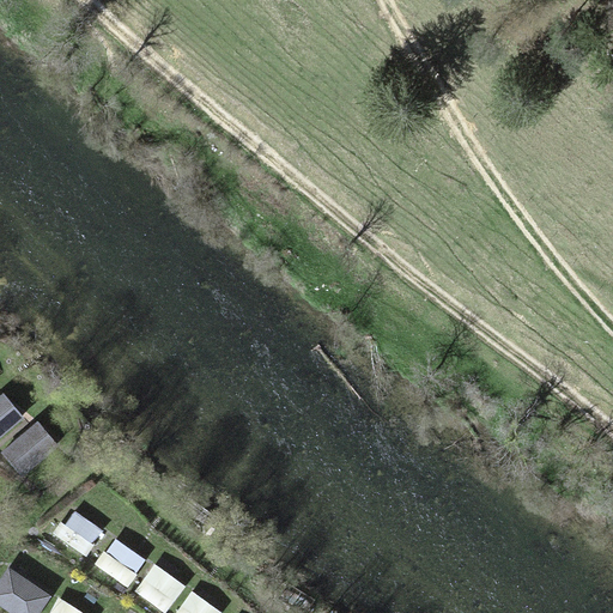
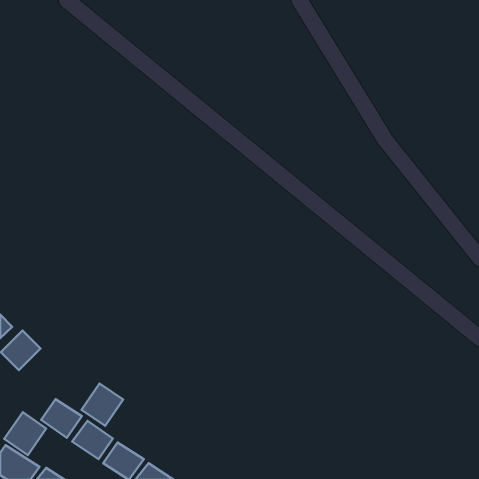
building: none -> [82,383,123,426]
building: none -> [4,412,46,455]

